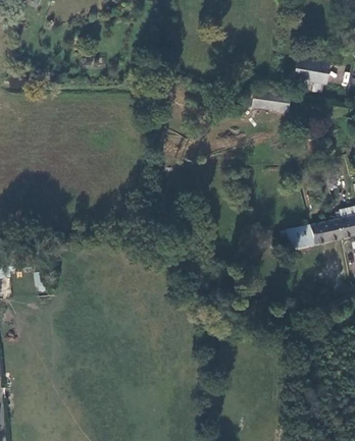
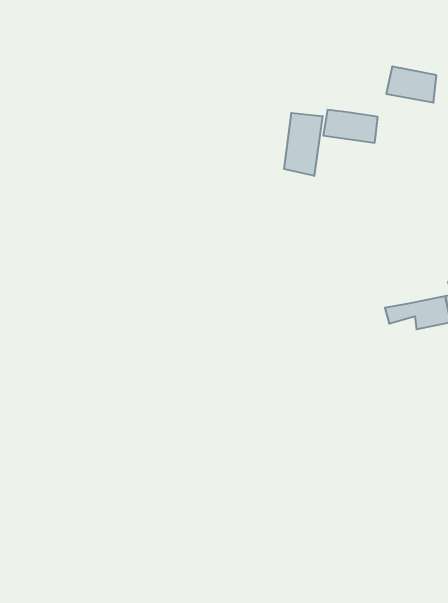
building: none -> [284,113,323,176]

